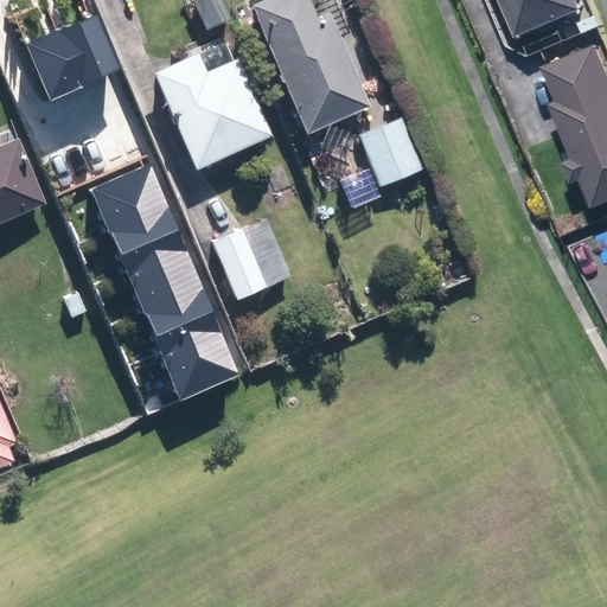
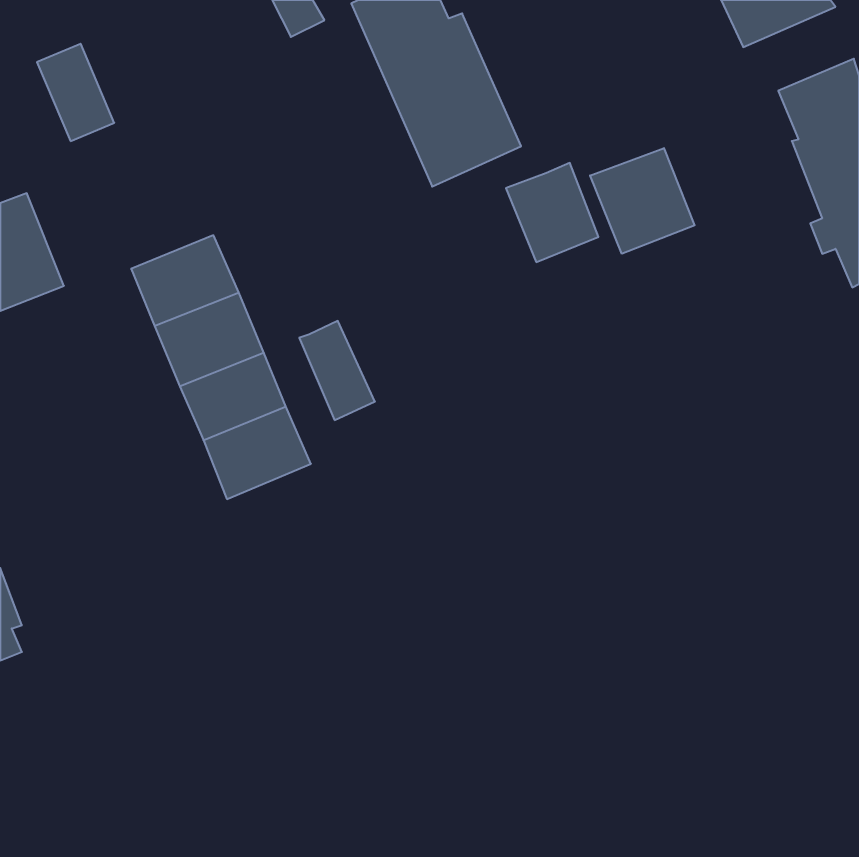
building: [57,15,120,88] -> none
building: [152,51,270,167] -> none
building: none -> [590,148,695,254]
building: [160,328,239,402] -> none

